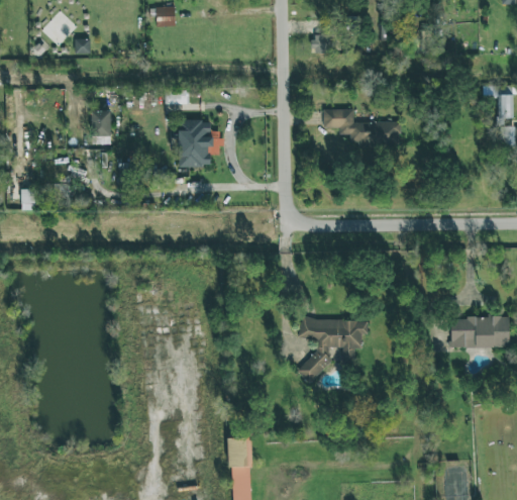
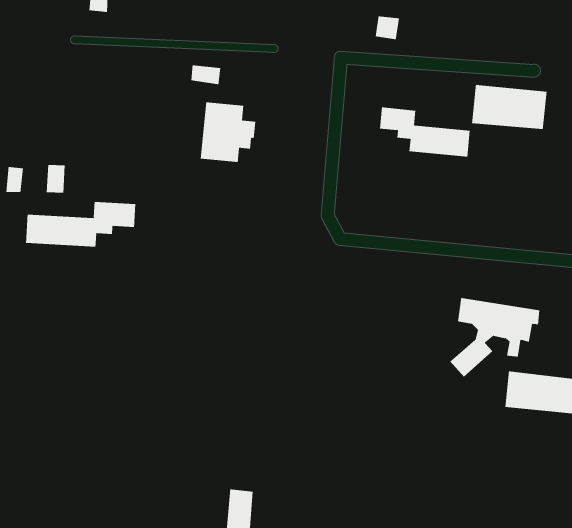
building: none -> [471,84,547,130]
building: [92,110,111,143] -> none
building: none -> [26,201,136,247]
building: [297,317,368,383] -> [449,298,540,377]

